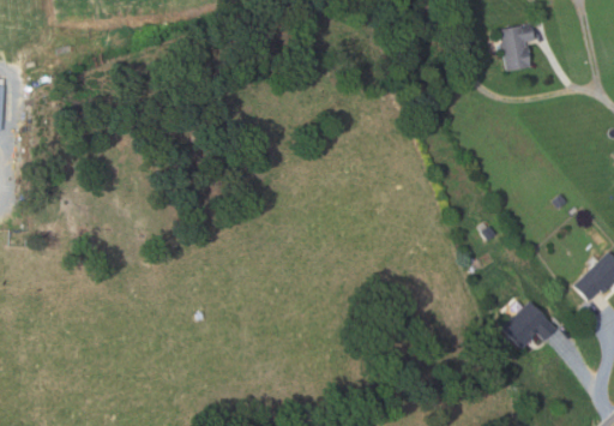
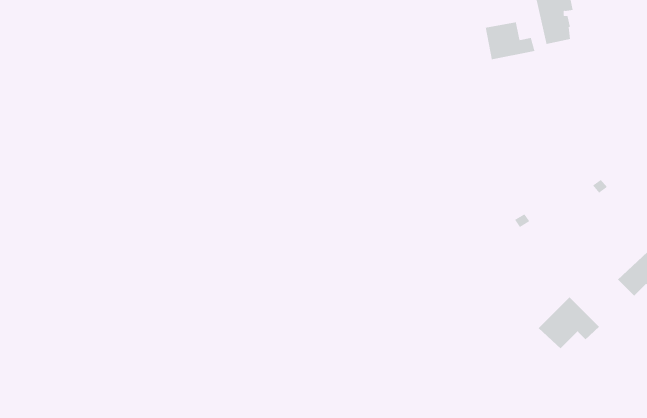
building: none -> [485,22,535,60]

